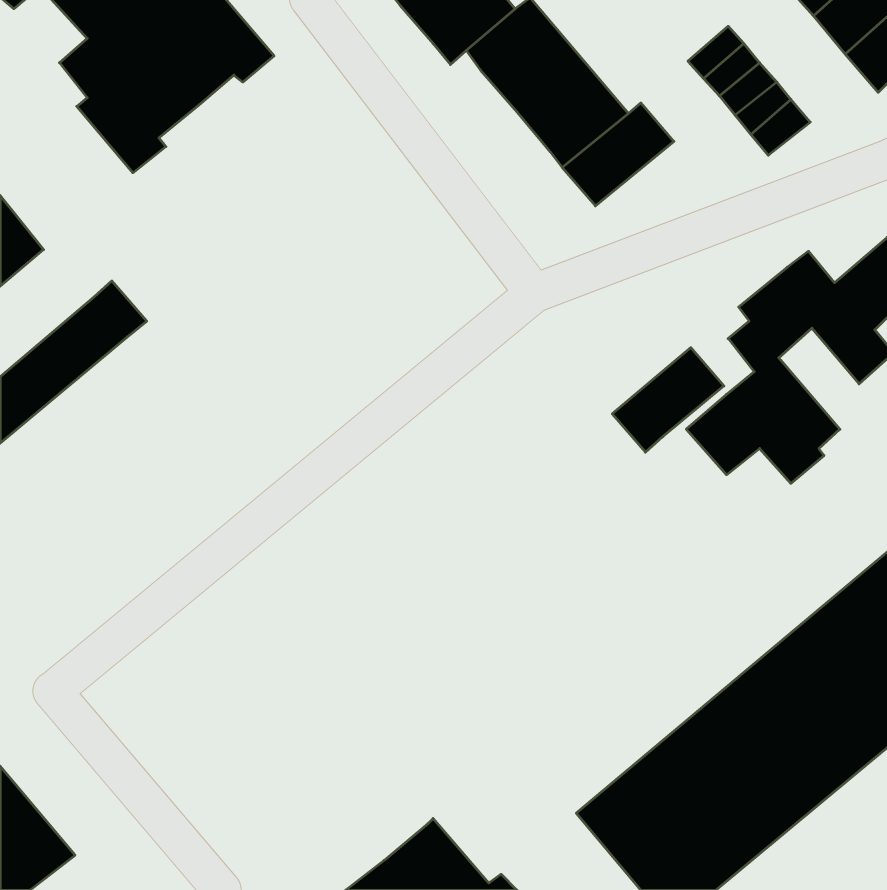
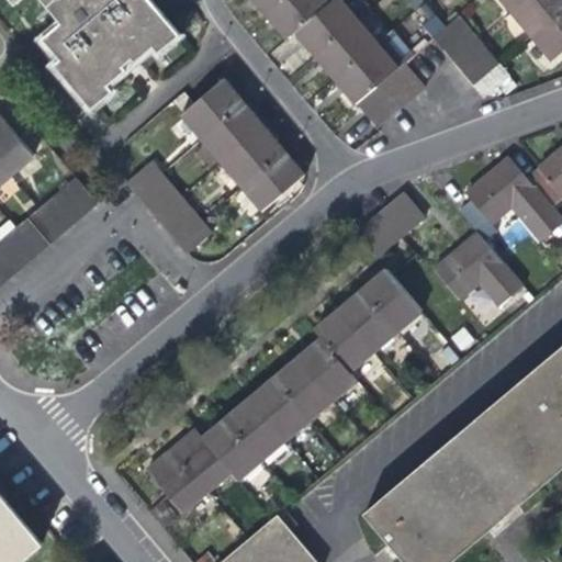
building: none -> [181,80,300,211]
building: none -> [123,161,210,255]
building: [612,348,724,452] -> [357,190,427,256]
building: none -> [146,268,423,513]

